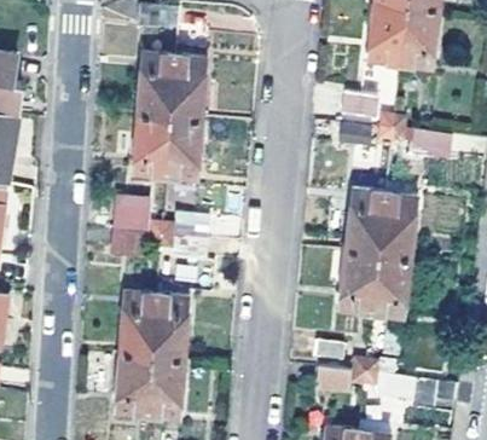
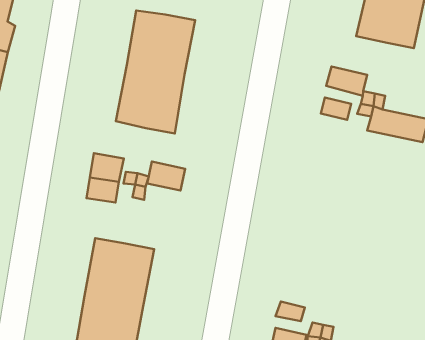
building: [343,187,417,311] -> none

